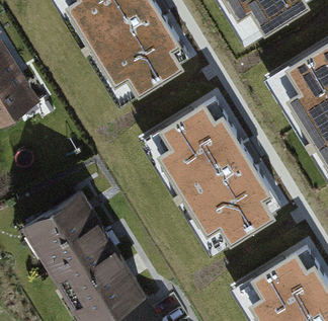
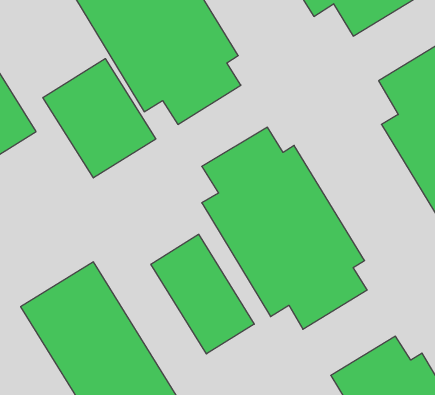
building: none -> [43,59,156,178]
building: none -> [151,234,254,354]

